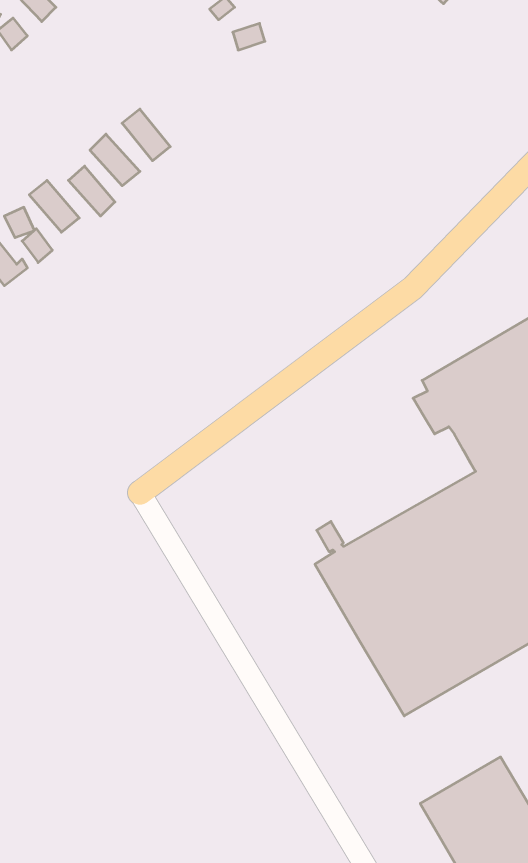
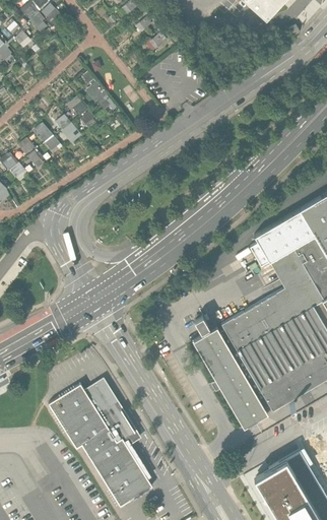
building: none -> [50,380,152,508]

